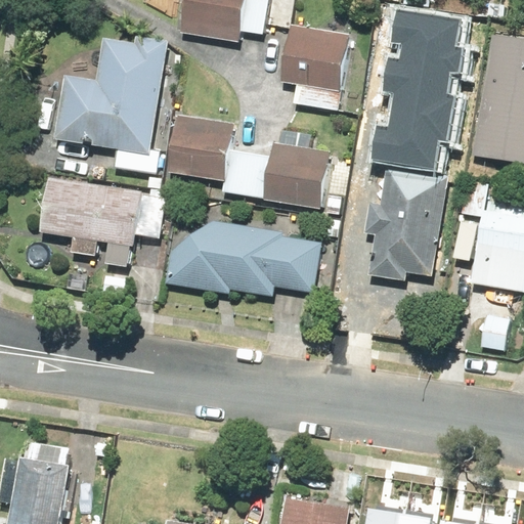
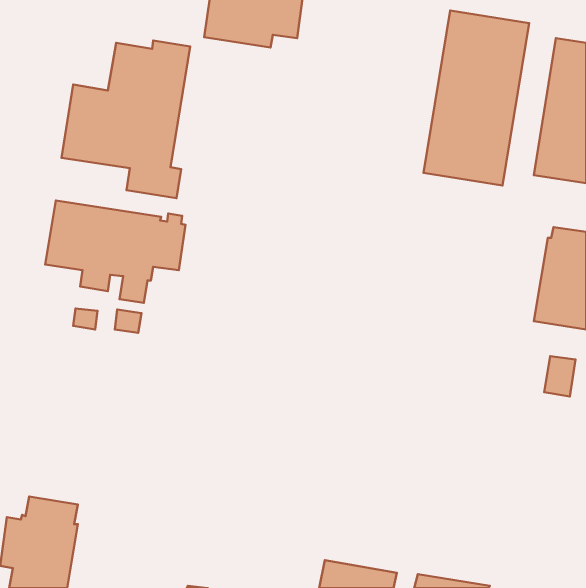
building: [280,25,348,110] -> none
building: [168,116,329,209] -> none
building: [364,166,448,281] -> none
building: [164,220,320,296] -> none

